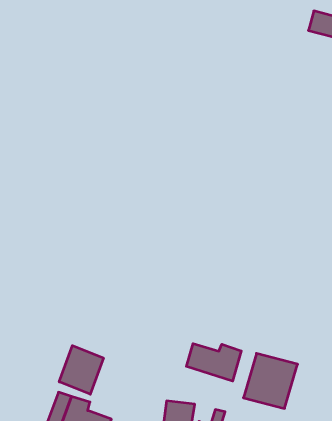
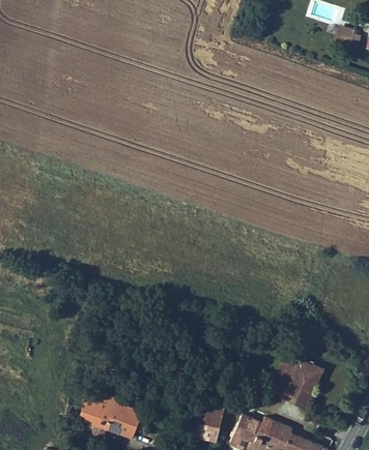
building: [186,344,241,381] -> none
building: [59,346,103,394] -> none

